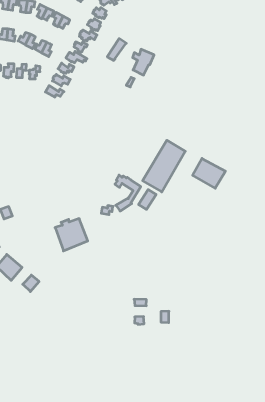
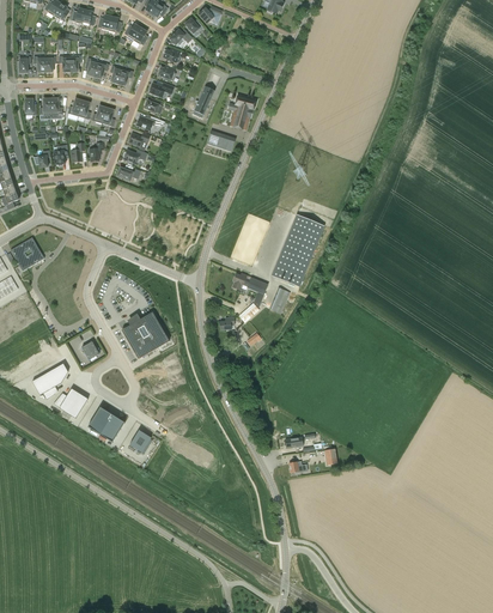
building: [193,158,225,188] -> none
building: [55,219,88,251] -> [121,311,169,359]

